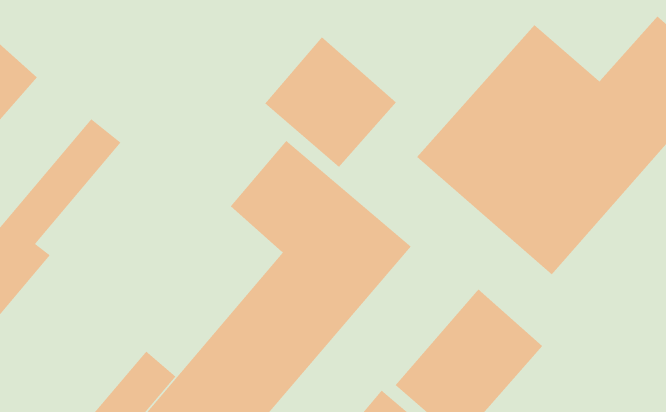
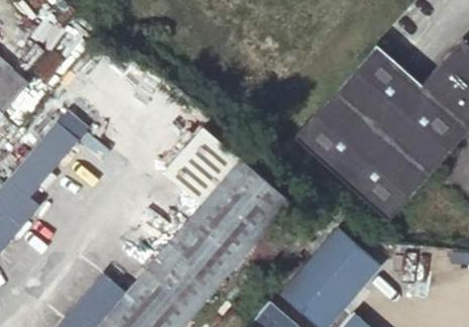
building: [264,36,397,168] -> none

